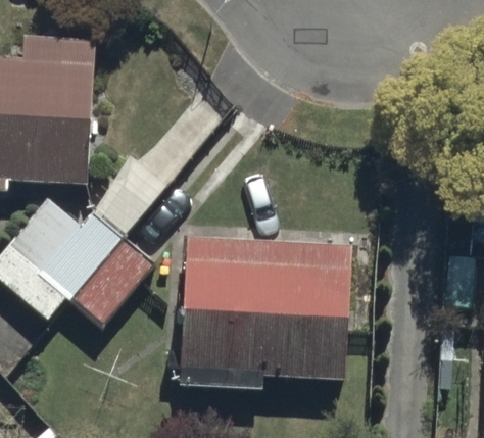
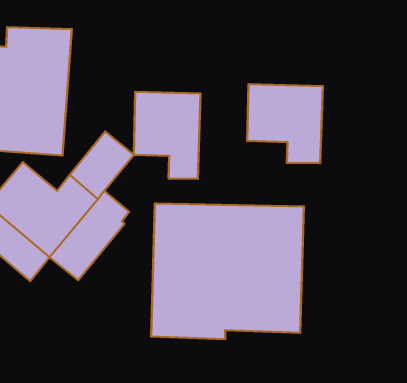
building: none -> [247,84,323,163]
building: none -> [134,92,201,179]

